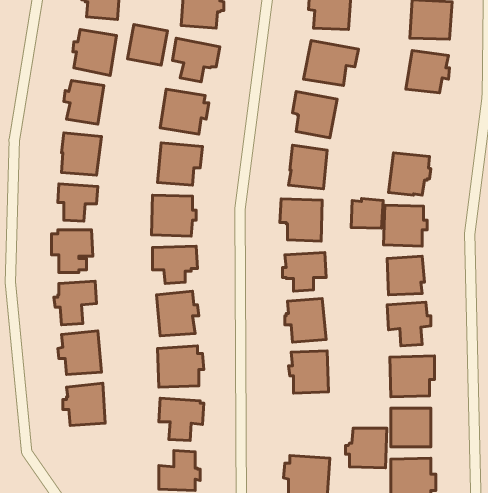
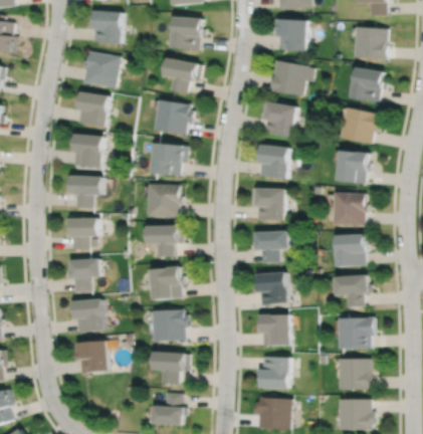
building: [128,25,168,65] -> none
building: none -> [340,108,380,146]
building: [351,199,383,228] -> none
building: [346,428,387,468] -> [255,356,288,388]

